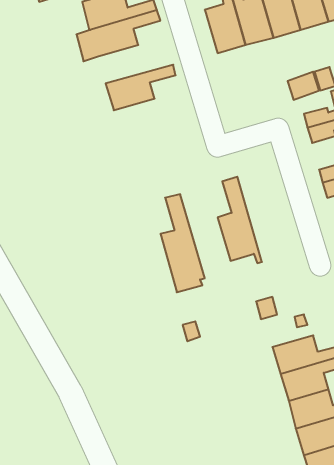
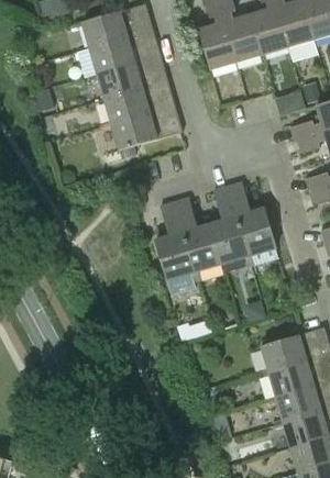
building: none -> [96,60,167,97]
building: none -> [111,111,182,157]
building: none -> [228,181,276,265]
building: none -> [174,197,221,280]

